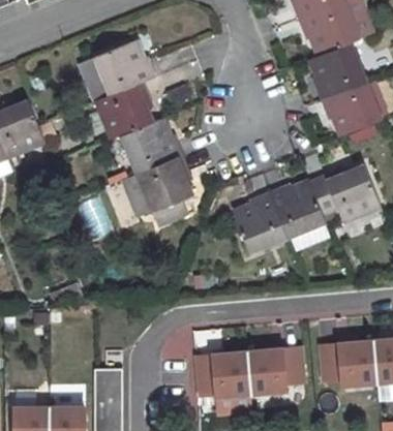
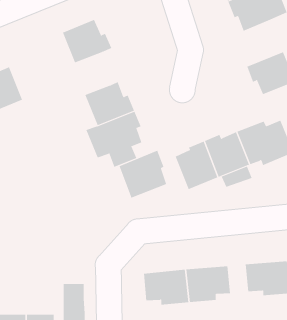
building: [310,42,367,100] -> none
building: [96,83,153,140] -> none
building: none -> [119,150,167,199]

